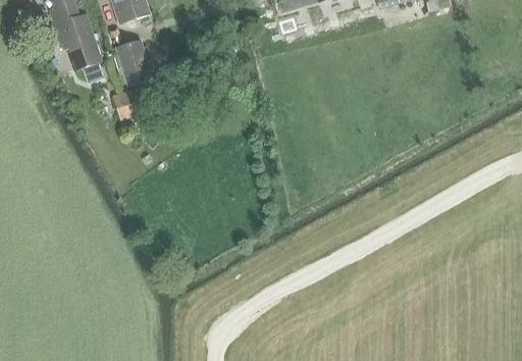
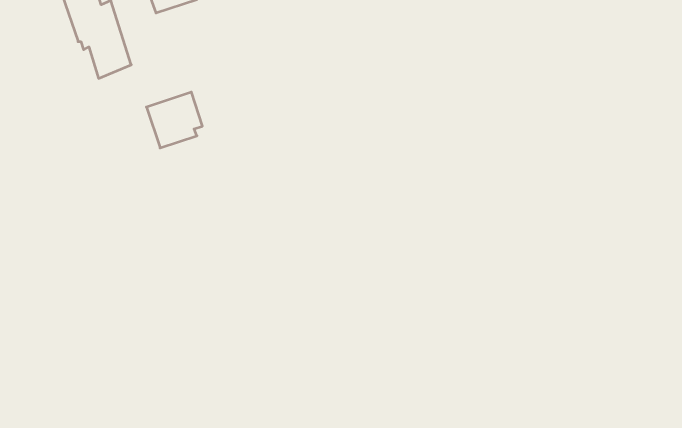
building: [111,38,153,85] -> none

